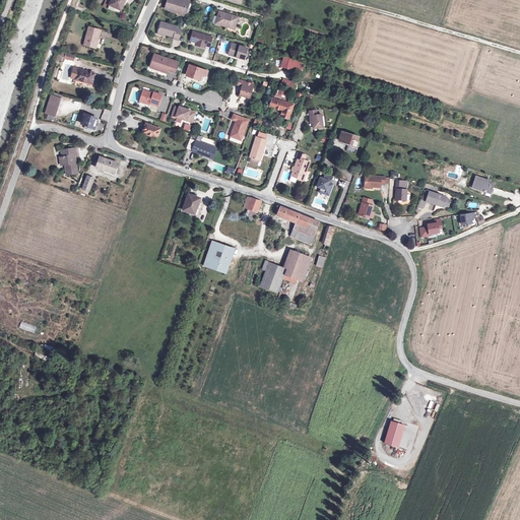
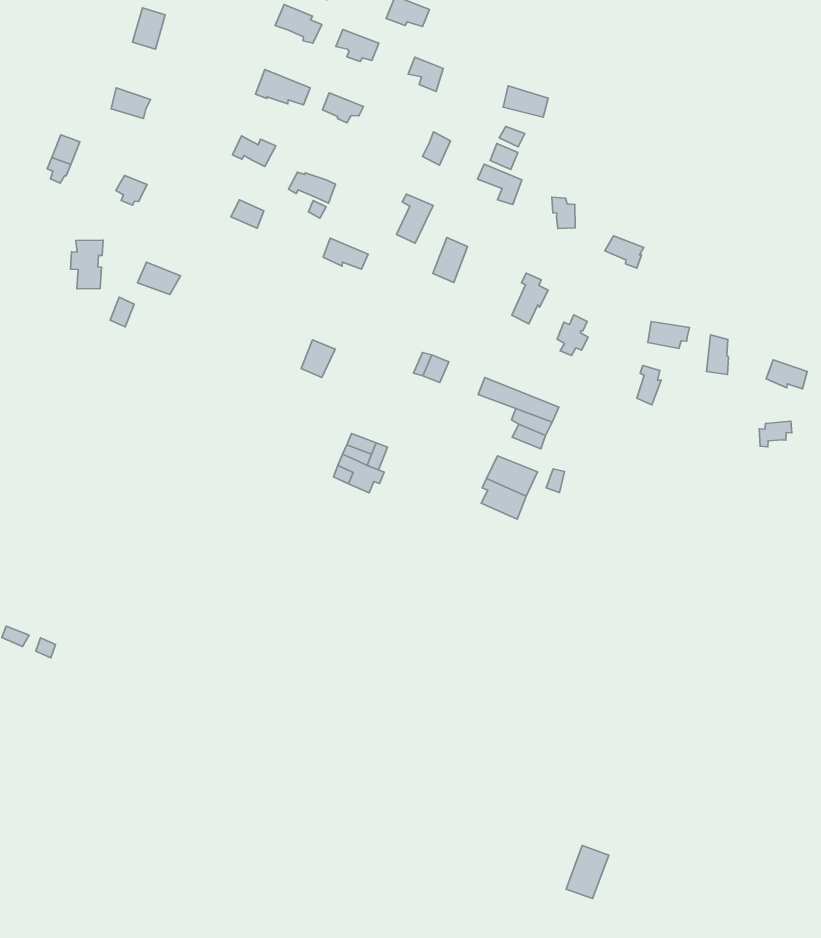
building: [258,260,284,290] -> none
building: [383,418,404,446] -> [566,846,609,899]

